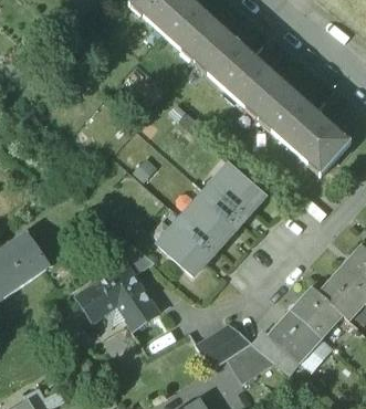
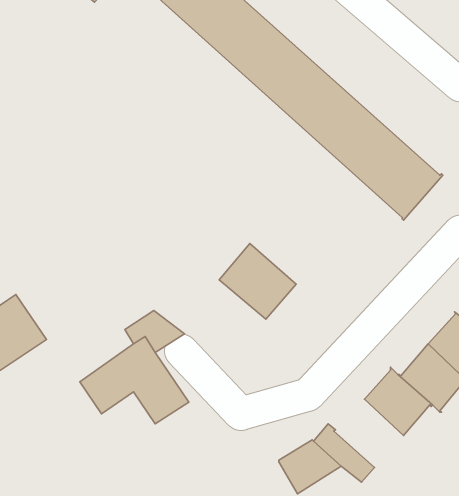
building: [203,166,262,223] -> none
building: [157,220,216,276] -> none
building: [268,311,321,364] -> none
building: [196,324,251,368] -> none

